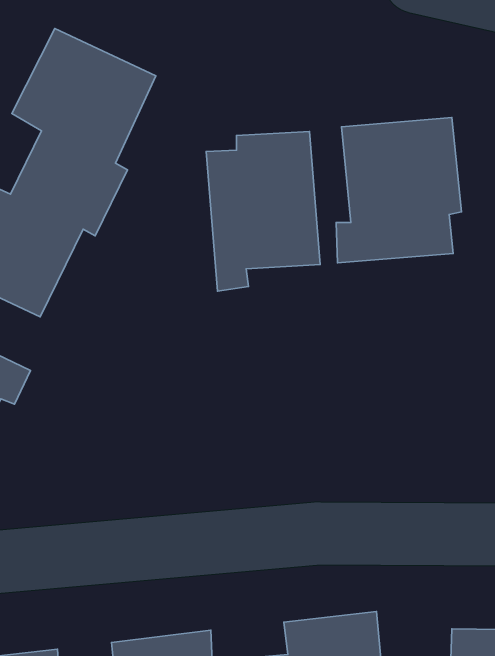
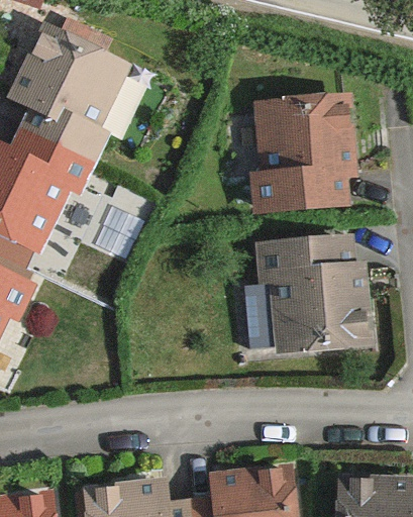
building: [206,132,320,291] -> none
building: none -> [243,241,366,347]

